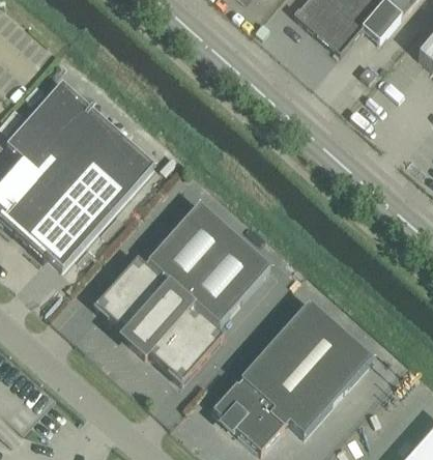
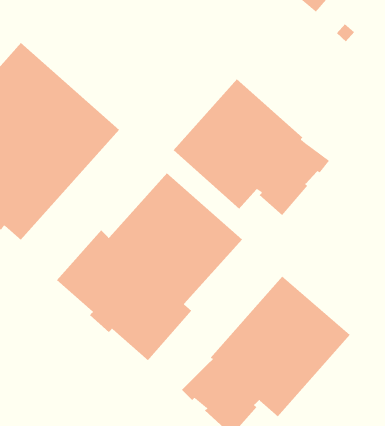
building: none -> [173,79,330,216]

